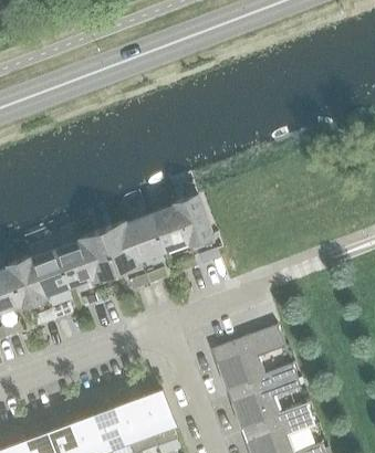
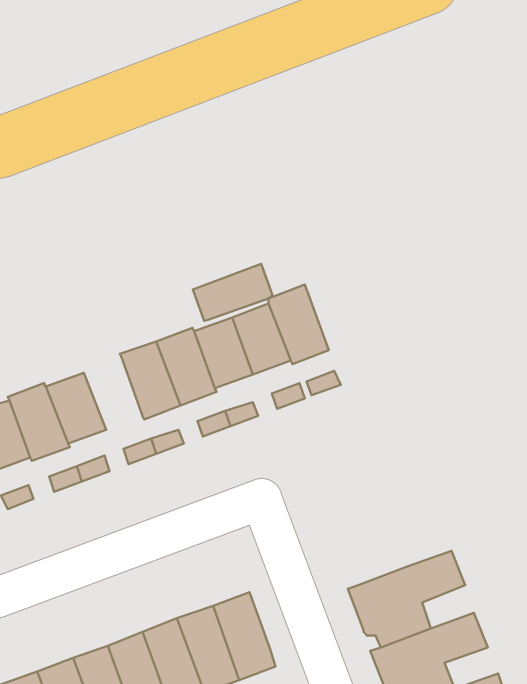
building: none -> [193,264,273,321]
building: [56,240,94,286] -> none
building: [211,324,285,386] -> none

